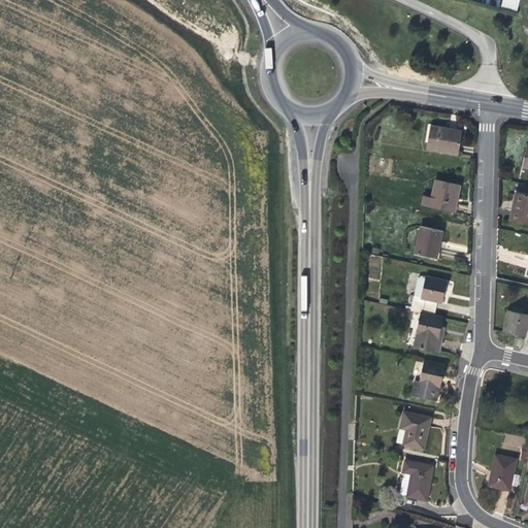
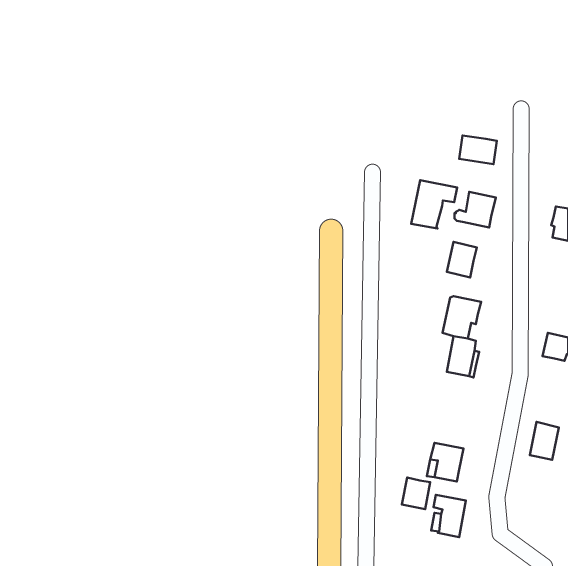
building: none -> [411,180,457,228]
building: [411,360,444,401] -> none
building: none -> [402,478,430,509]
building: [489,454,516,489] -> [530,422,559,460]

